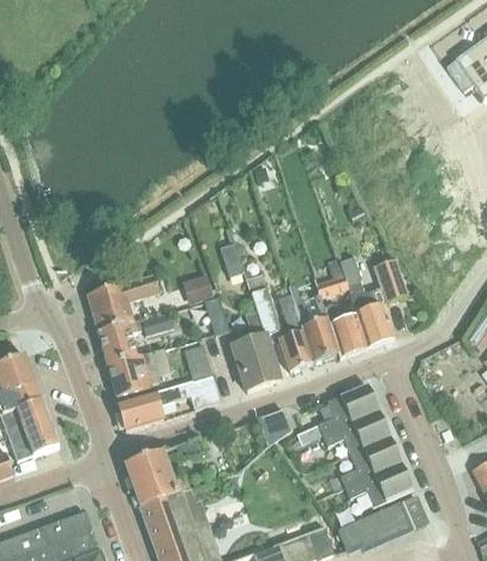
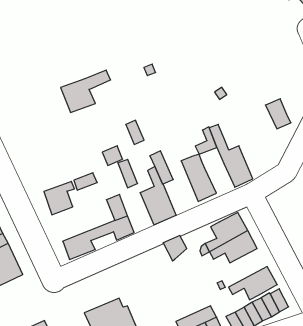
building: [374,260,408,302] -> [265,99,291,129]
building: [88,276,158,331] -> [61,70,111,112]
building: [279,295,313,372] -> none
building: [323,303,366,357] -> none
building: [107,348,172,398] -> none
building: [341,436,402,487] -> none
building: [126,438,206,506] -> none

